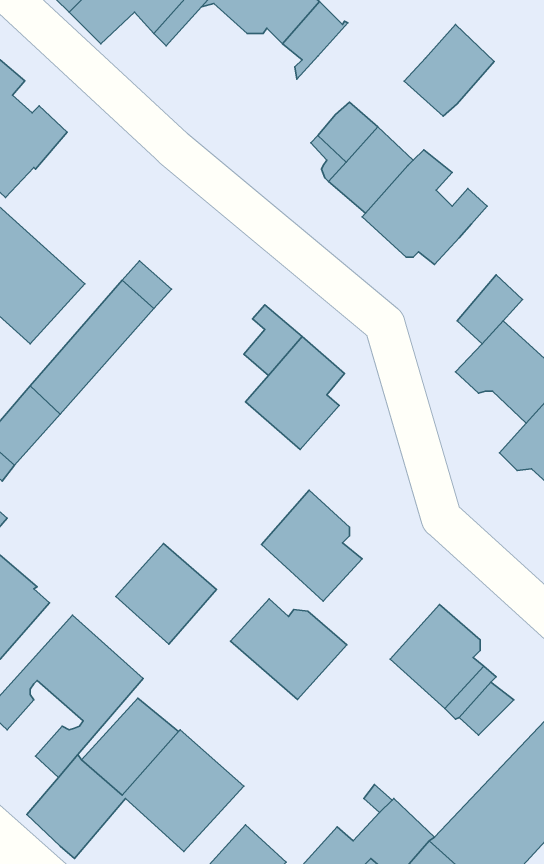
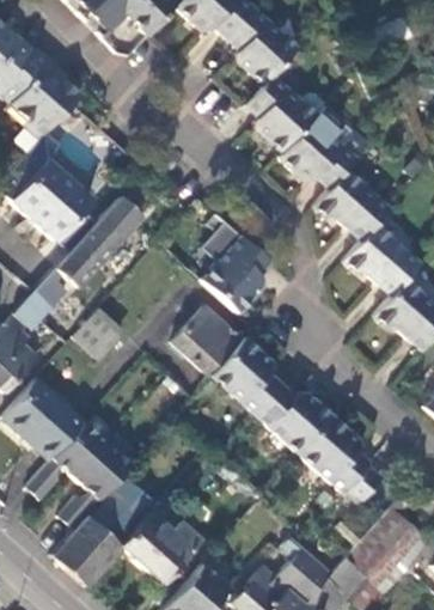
building: [404,25,494,116] -> [236,22,297,84]
building: none -> [313,167,371,224]
building: none -> [75,309,126,359]
building: [116,544,217,644] -> [176,307,244,376]
building: [230,599,347,699] -> [253,385,332,453]

